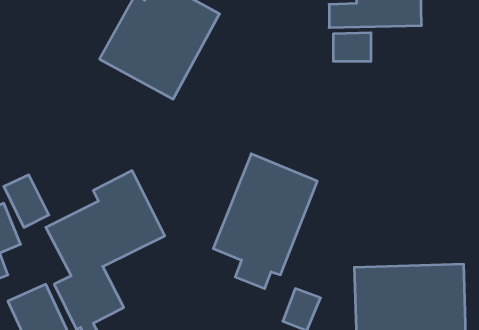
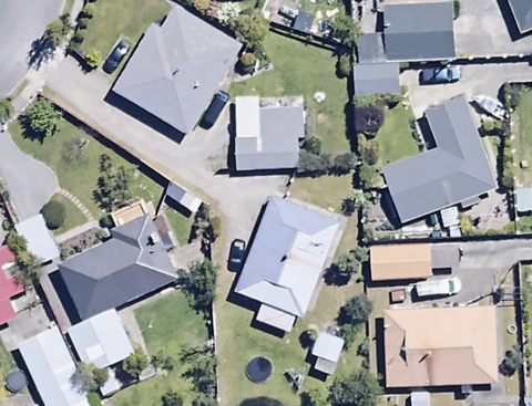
building: none -> [379,95,497,223]
building: none -> [235,106,303,168]
building: none -> [369,243,460,281]

